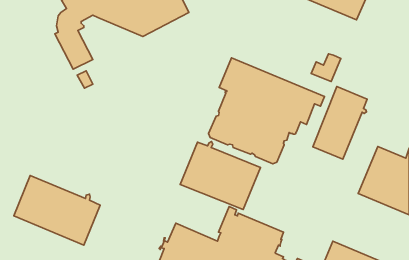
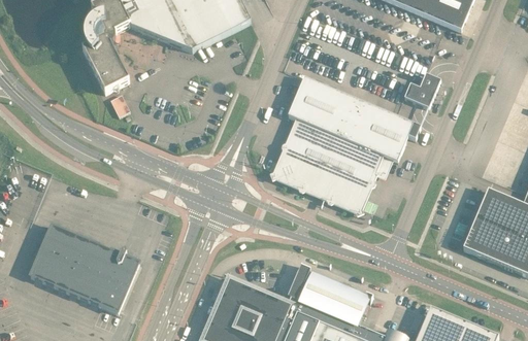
building: [313,87,367,159] -> none
building: [180,141,261,209] -> none

